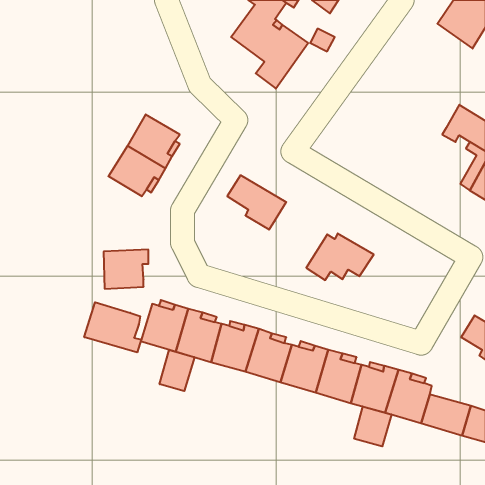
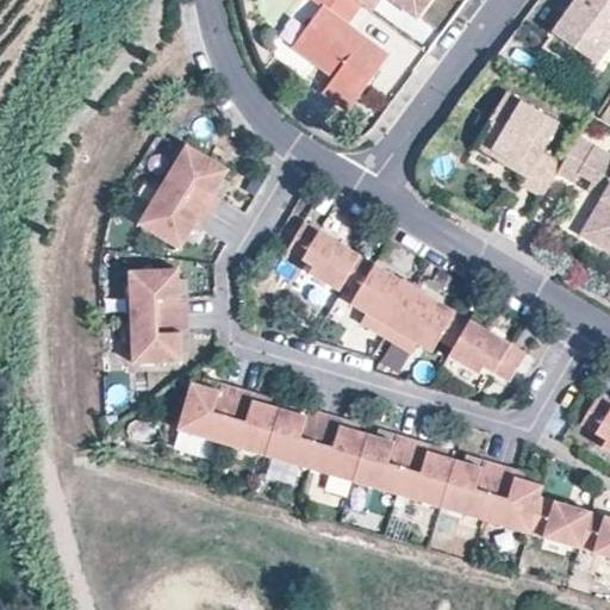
building: none -> [472,89,560,194]
building: none -> [343,255,411,337]
building: none -> [129,268,187,317]
building: none -> [448,320,524,381]
building: [84,302,141,352] -> none
building: [160,350,194,391] -> none
building: [354,406,392,446] -> none

